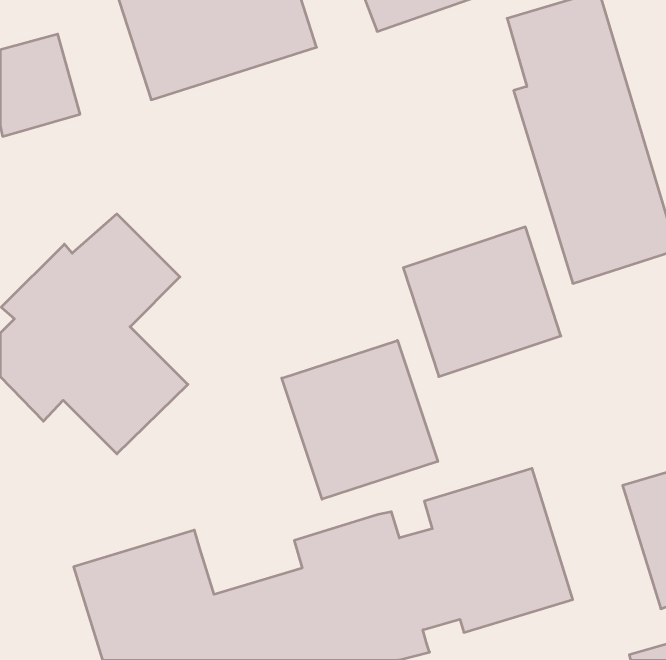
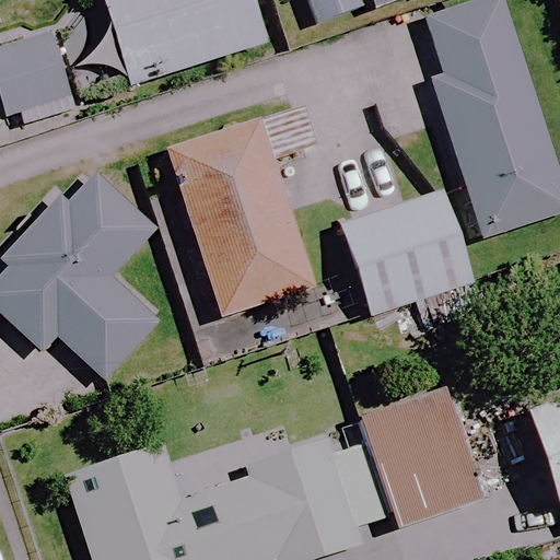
building: none -> [166,108,315,316]
building: [282,340,438,499] -> none

